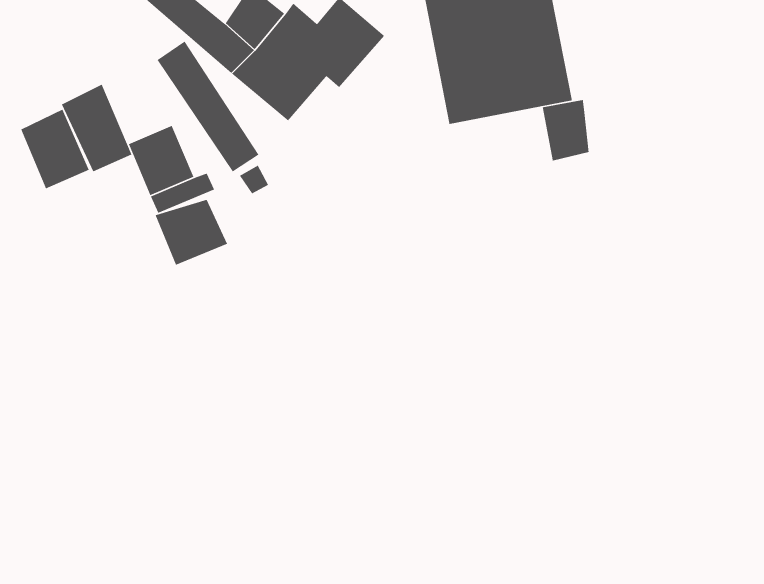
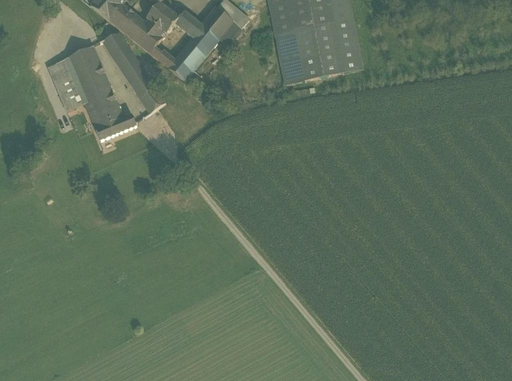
building: [542,99,589,161] -> none
building: [20,108,90,189] -> [67,45,111,96]
building: [154,199,228,266] -> none

